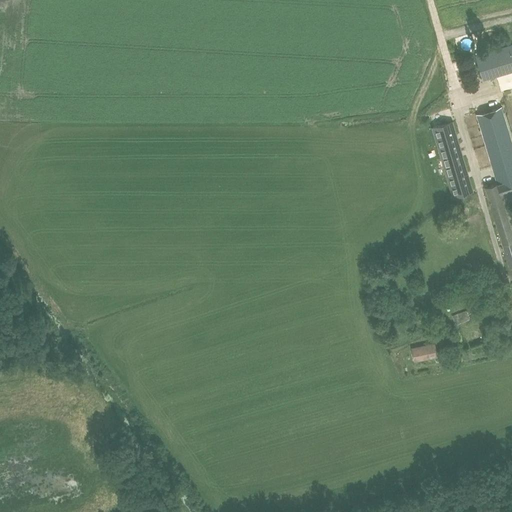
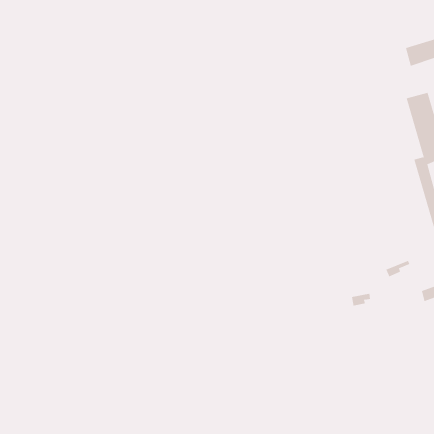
building: [435,124,474,199] -> none

